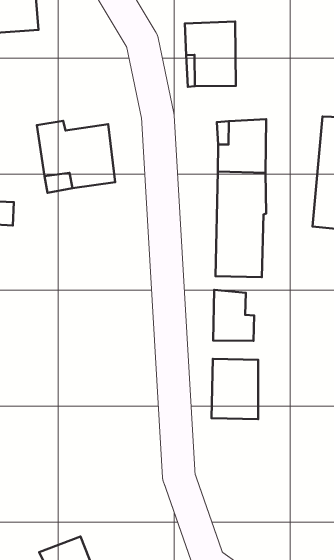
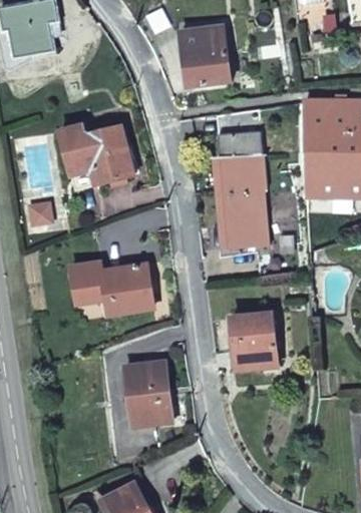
building: none -> [71,262,153,314]
building: [213,290,254,341] -> none
building: none -> [125,362,171,426]

